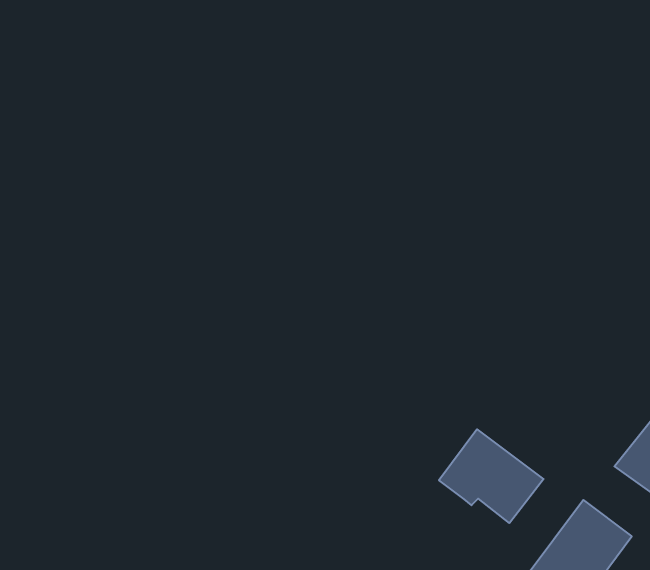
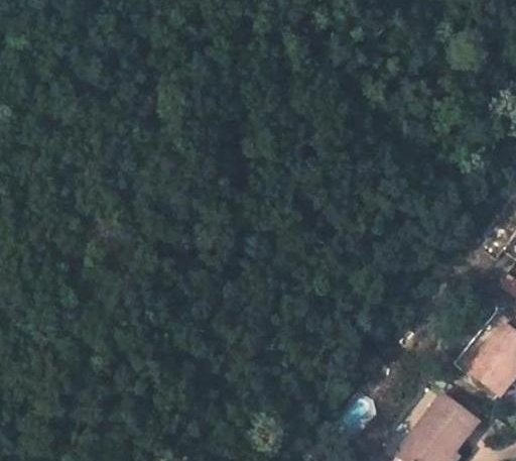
building: [439,429,544,523] -> none

